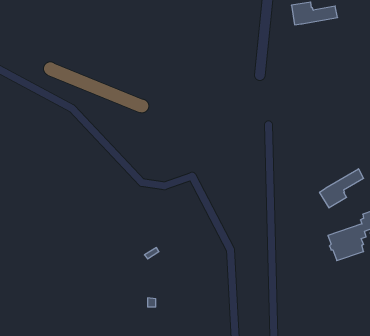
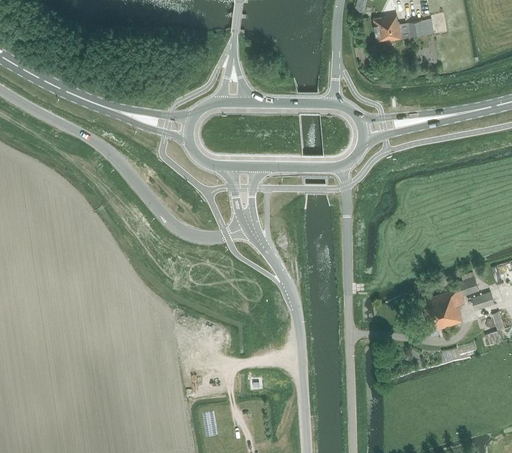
building: [320,169,364,208] -> none

